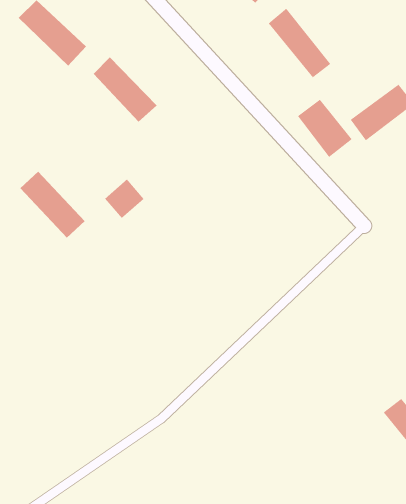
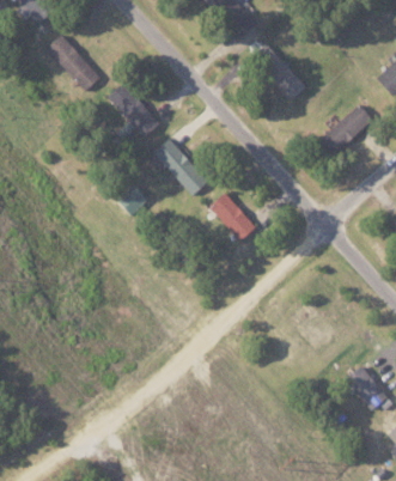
building: [297,99,353,158] -> none
building: [19,171,85,238] -> [153,139,208,195]
building: none -> [212,195,257,240]

